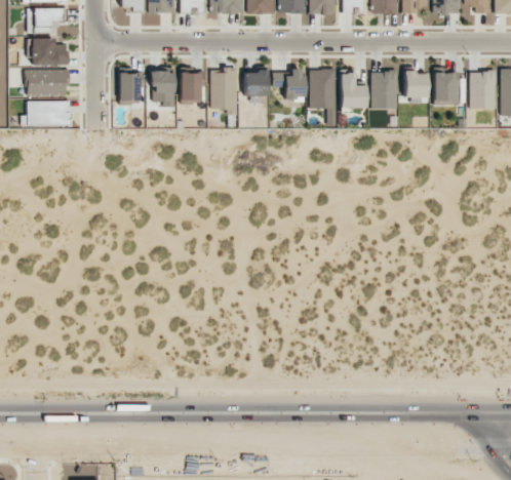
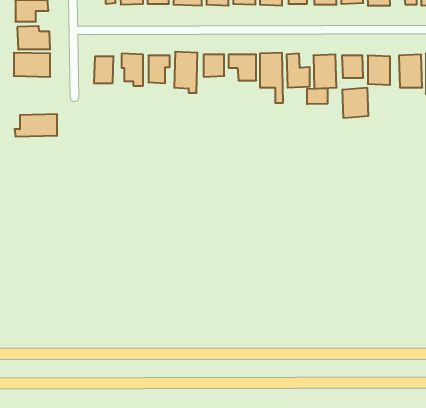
building: [22,101,71,126] -> [14,114,57,136]
building: none -> [342,88,368,118]
building: none -> [307,88,328,104]

